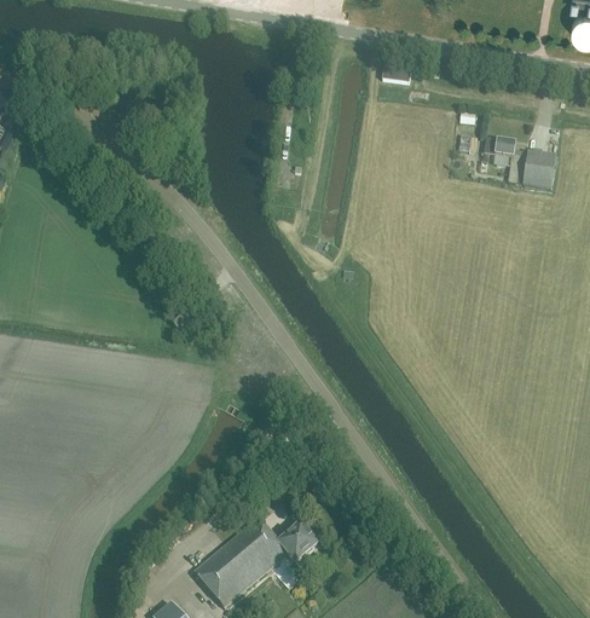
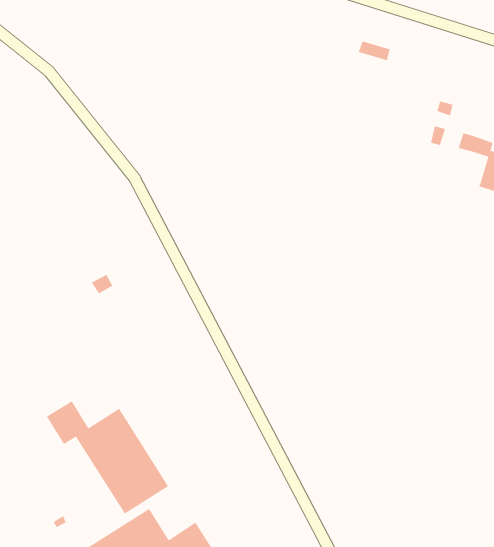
building: none -> [46,400,169,514]

